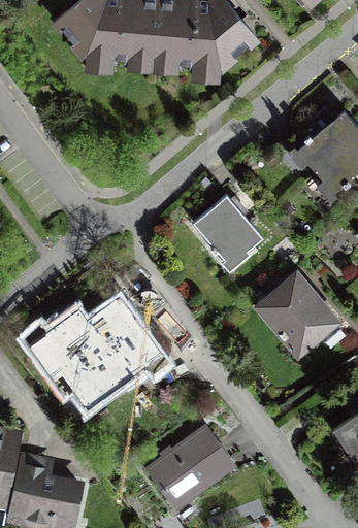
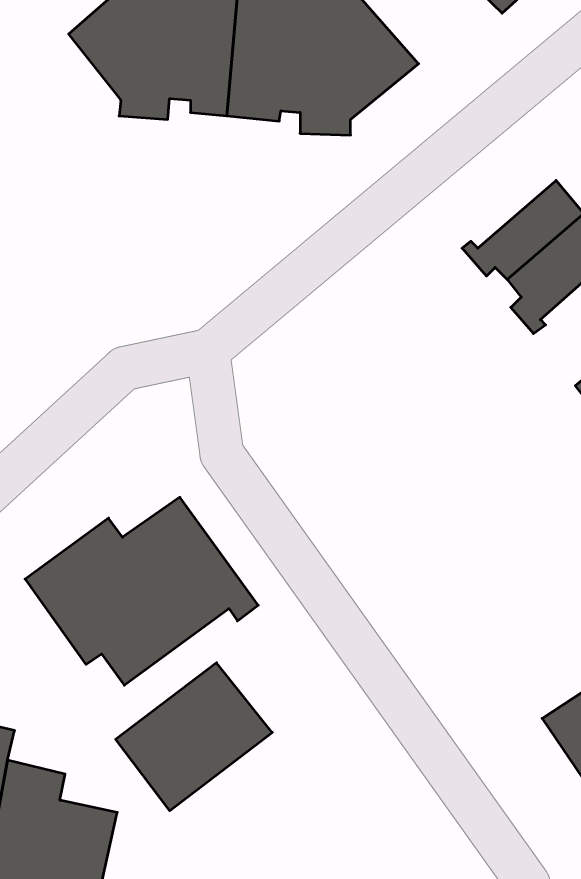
building: [194,199,264,270] -> none
building: [263,274,343,356] -> none
building: [145,424,238,512] -> [116,663,272,811]

